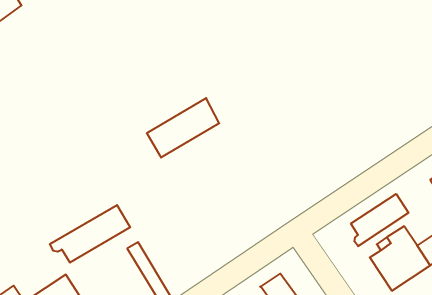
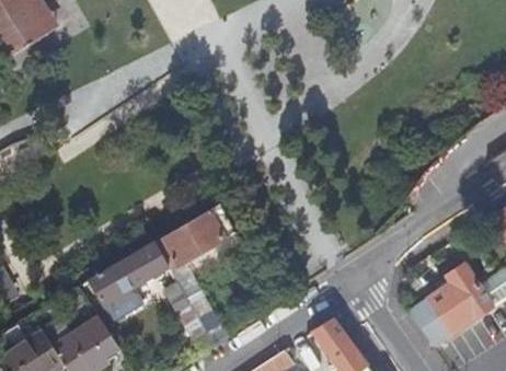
building: [147,98,219,158] -> [154,205,233,269]
building: [351,194,408,246] -> none

